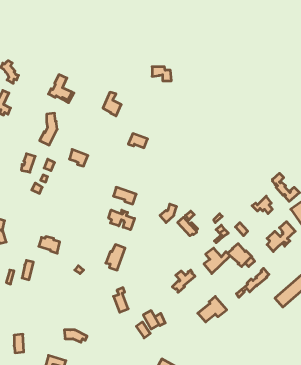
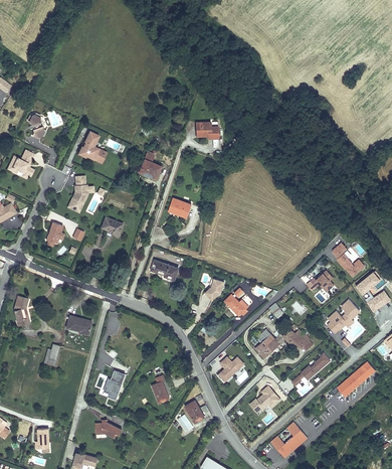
building: [109,210,135,230] -> none
building: [106,245,125,270] -> [104,371,126,401]
building: none -> [271,423,308,458]

